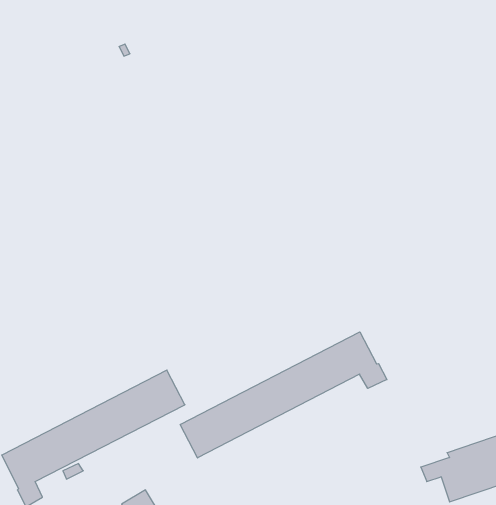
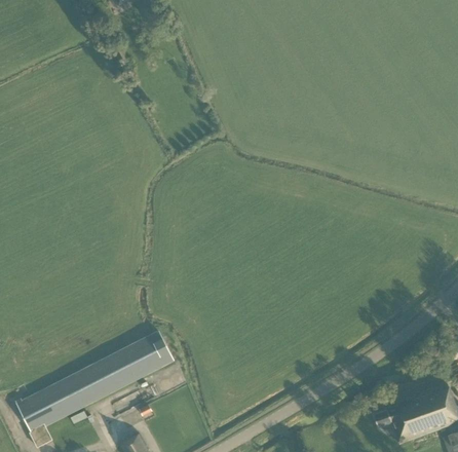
building: [180,332,387,458] -> none

